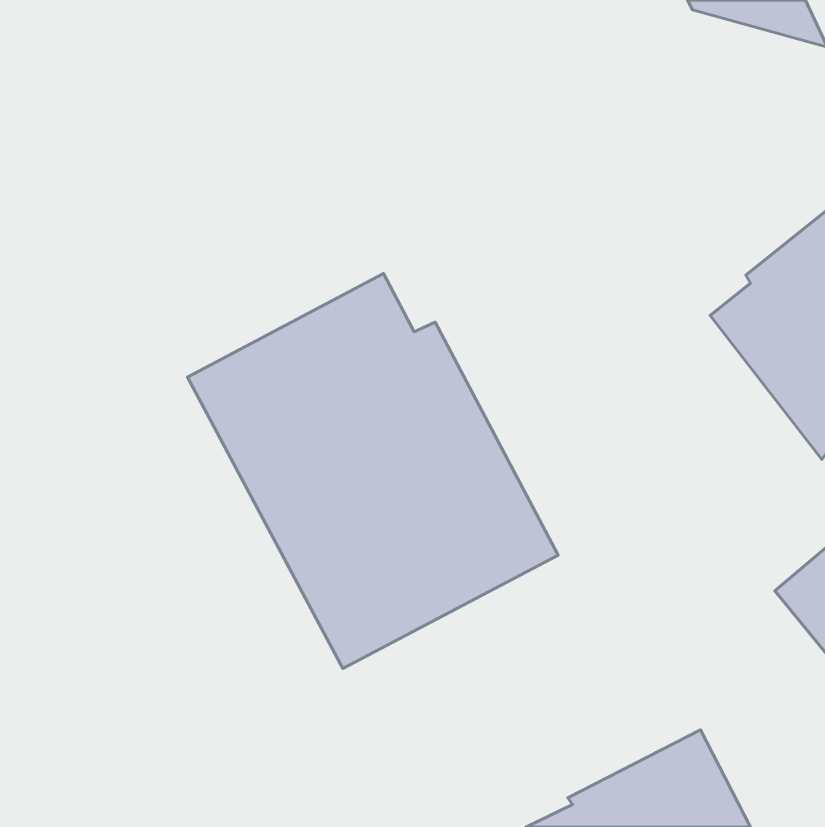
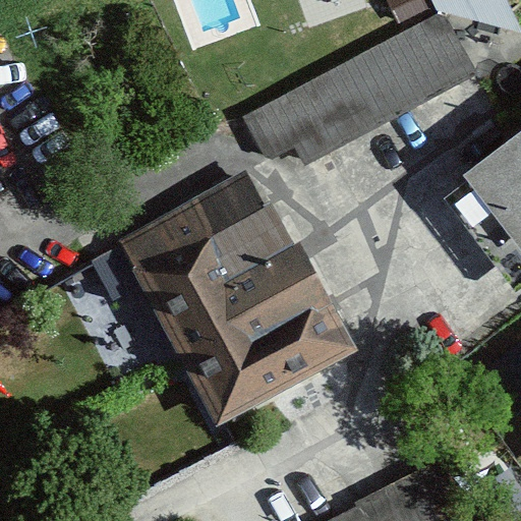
building: none -> [244,12,474,164]

